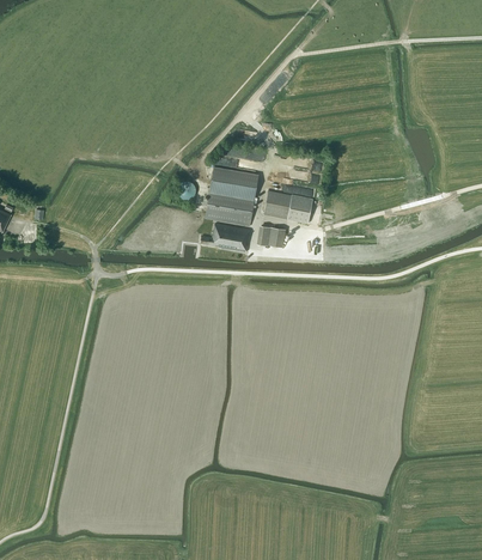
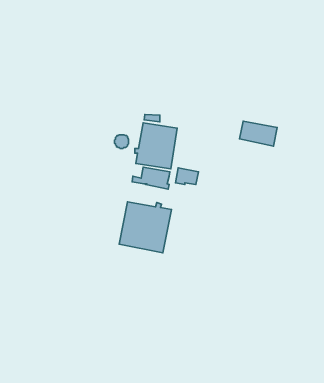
building: [264,191,313,224] -> [239,121,277,146]
building: none -> [119,202,172,253]

